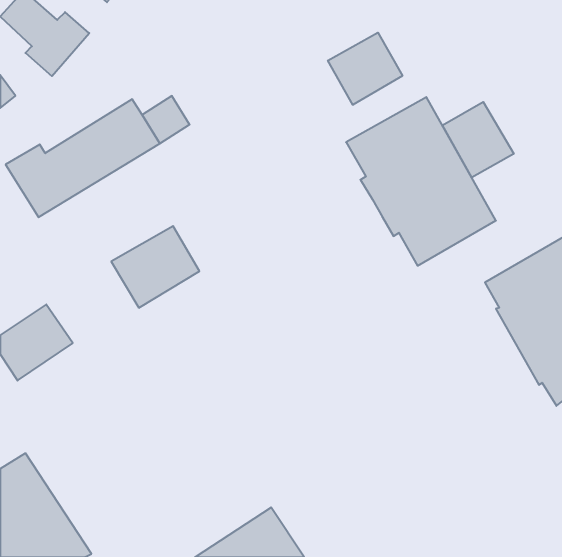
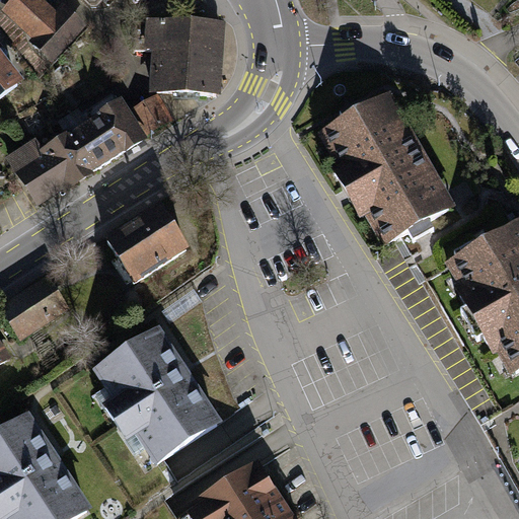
building: none -> [146,12,225,88]
building: [328,33,402,105] -> none
building: [443,102,514,178] -> none
building: none -> [82,327,216,468]

